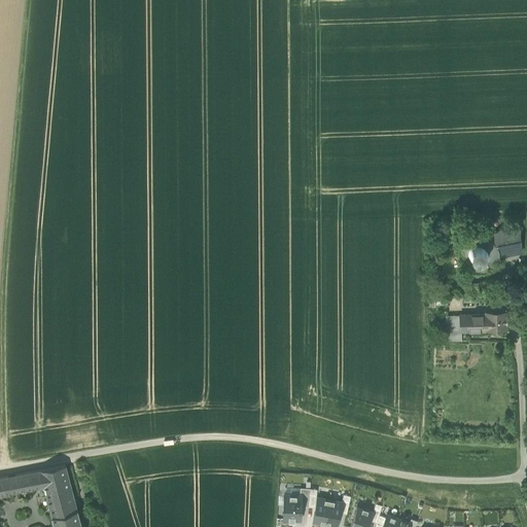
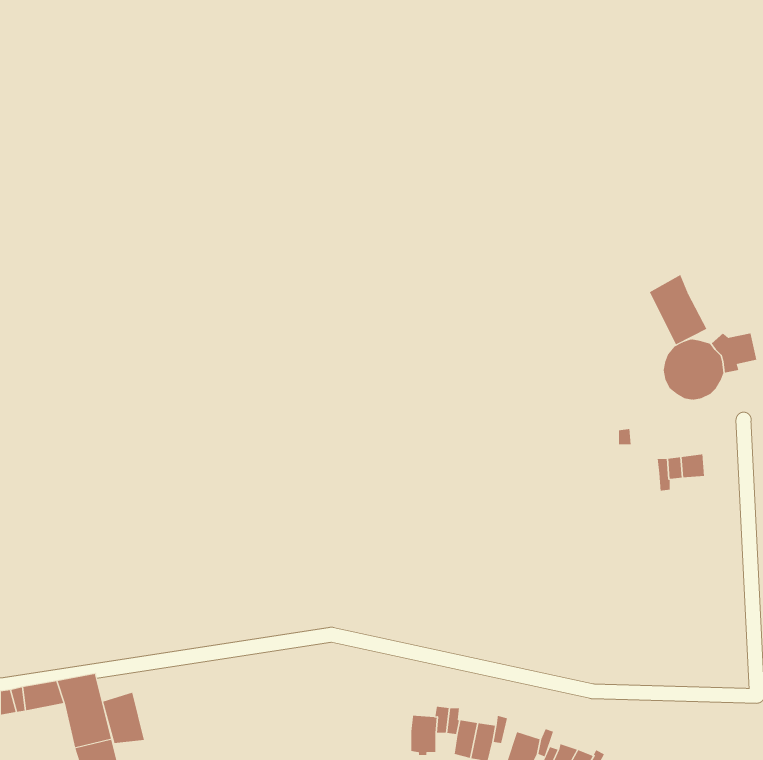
building: none -> [649,274,707,345]
building: [485,311,508,330] -> none
building: none -> [103,692,144,744]

